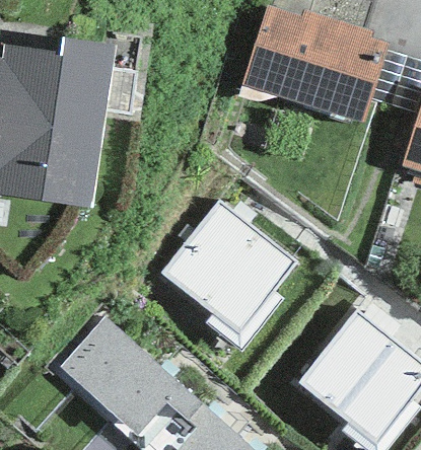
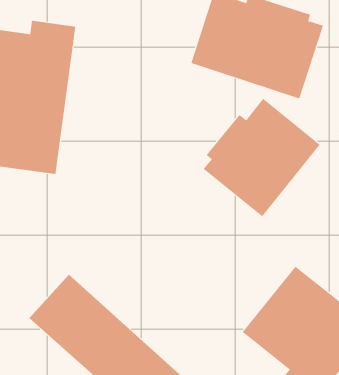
building: none -> [203,98,321,217]
building: [158,200,296,352] -> none

